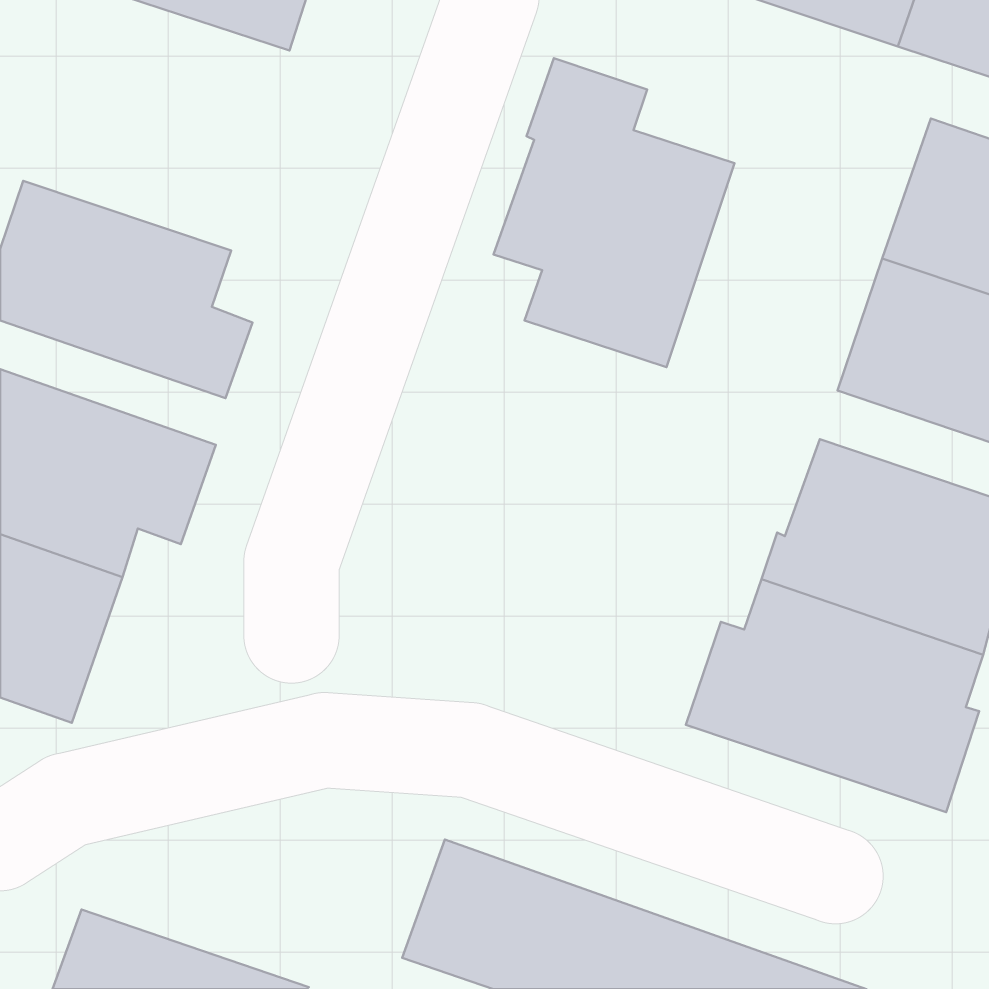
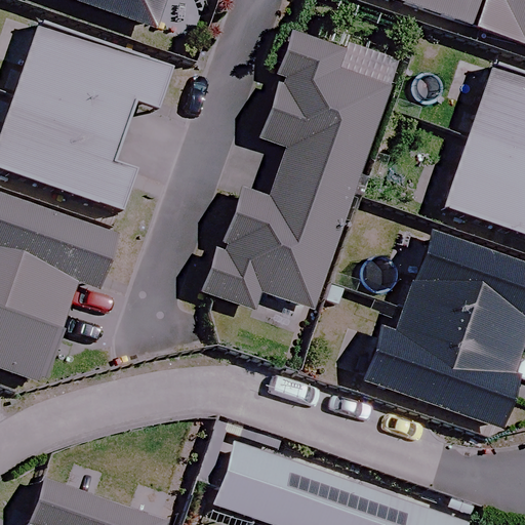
building: none -> [14,22,169,132]
building: none -> [202,169,354,308]

